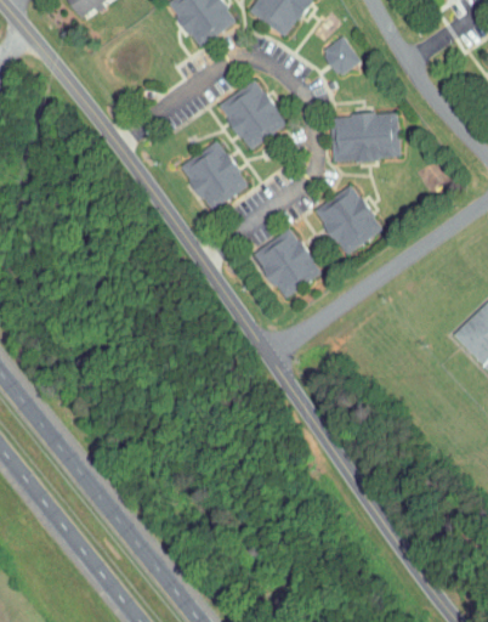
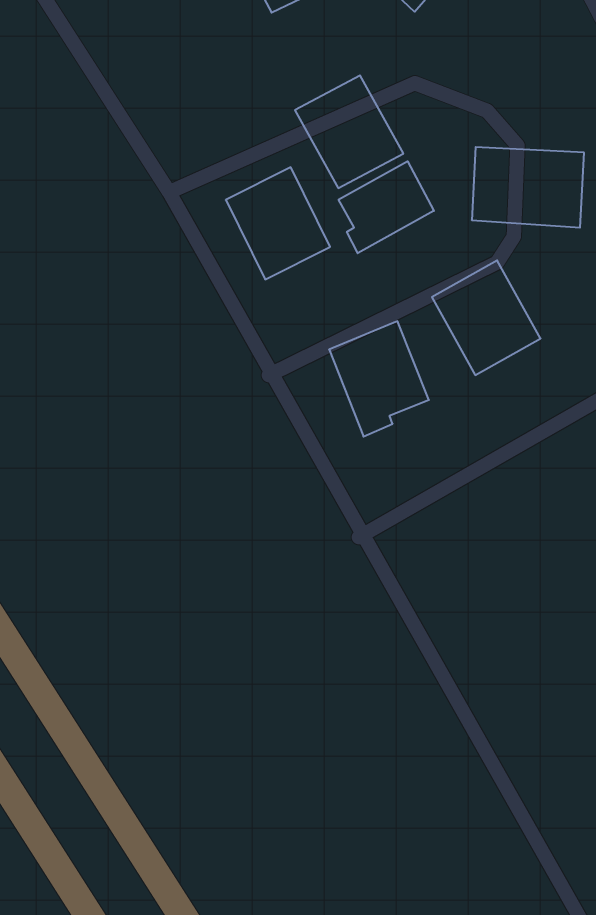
building: [323,35,362,75] -> none
building: none -> [339,161,434,253]

